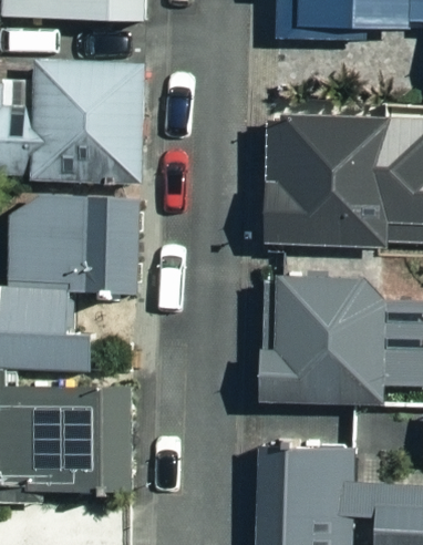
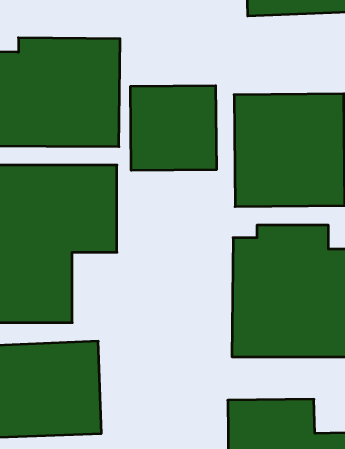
building: none -> [131,86,216,170]

